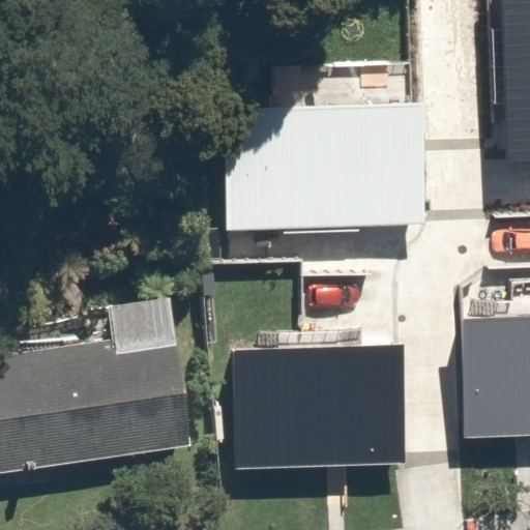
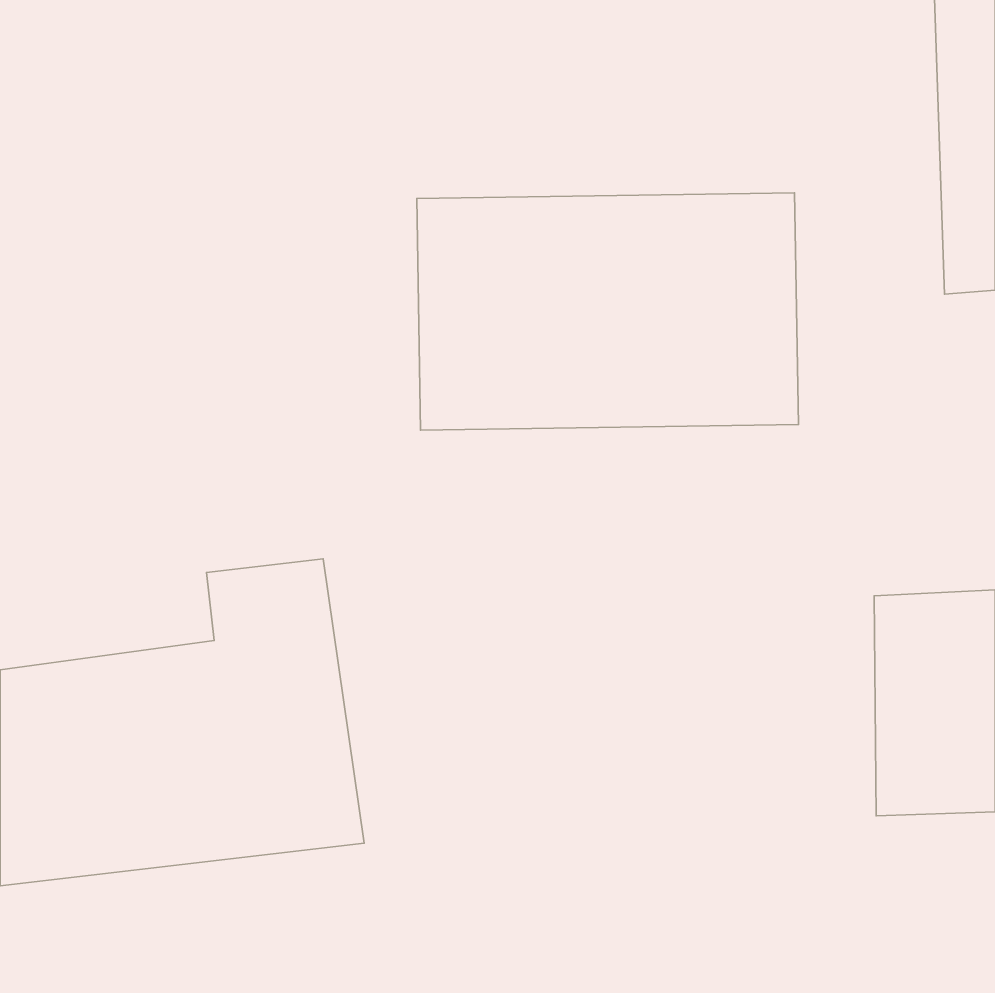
building: [232,346,404,468] -> none

